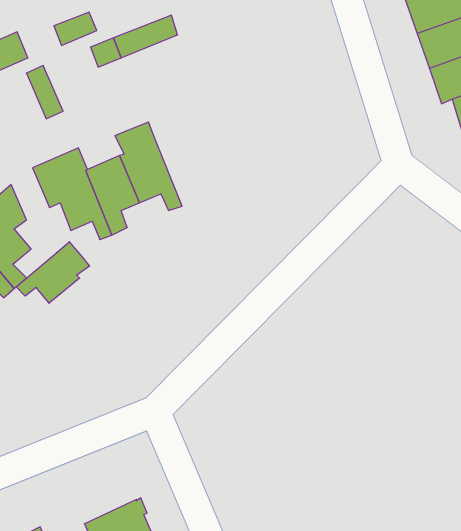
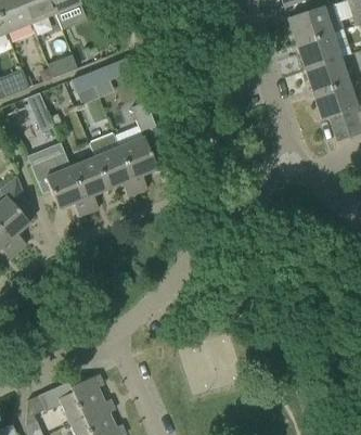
building: none -> [118,101,160,192]
building: [16,242,90,303] -> none
building: none -> [38,374,104,418]

